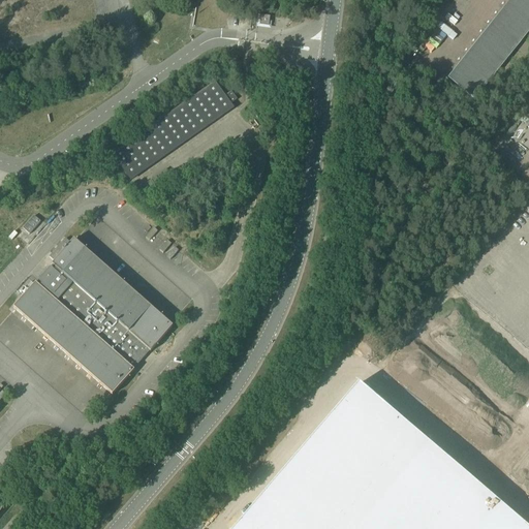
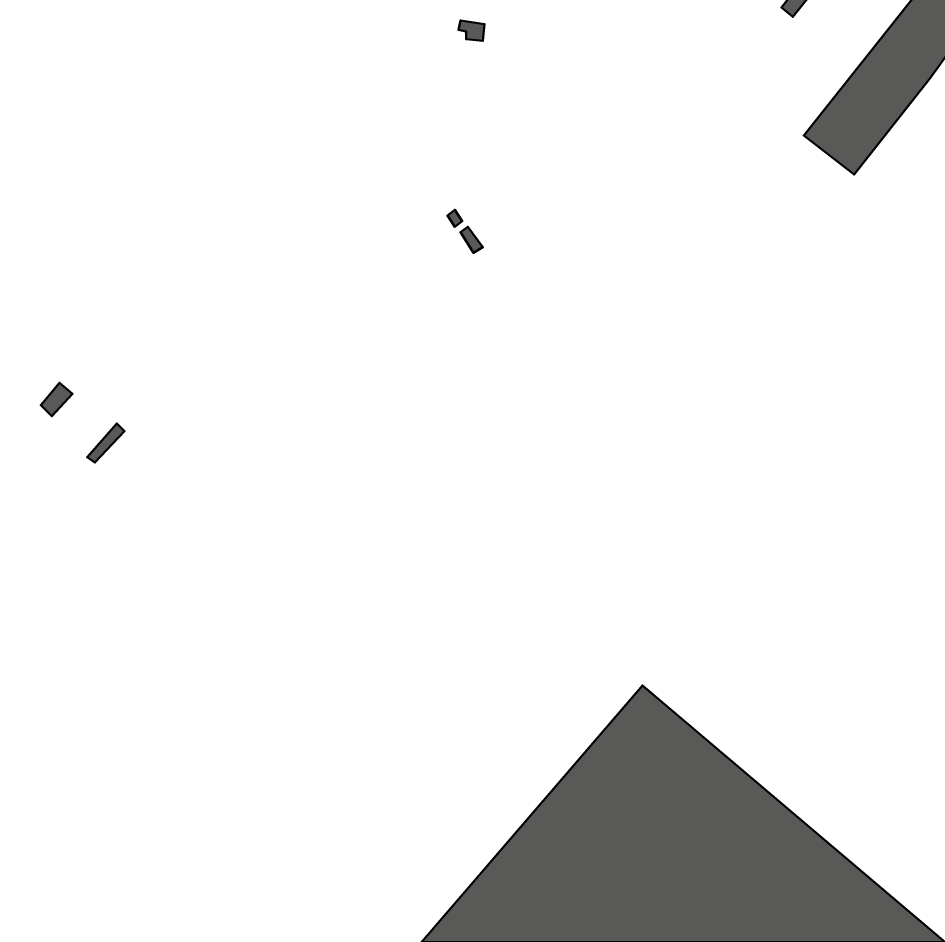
building: [114,79,239,179] -> none
building: [15,238,174,392] -> none

